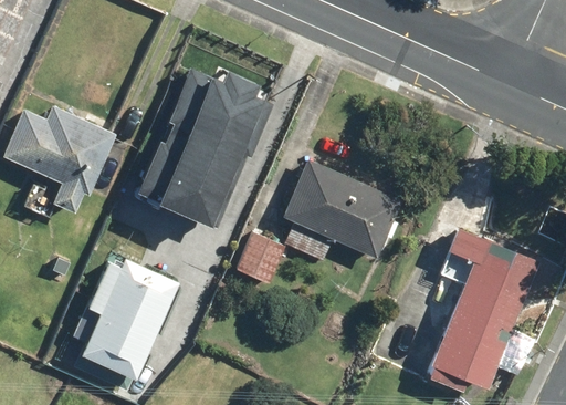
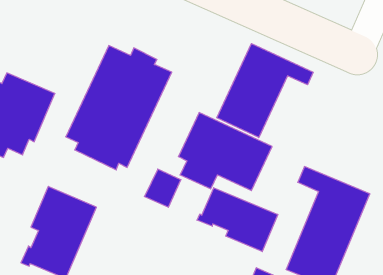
building: none -> [217,44,313,138]
building: none -> [197,188,278,252]

